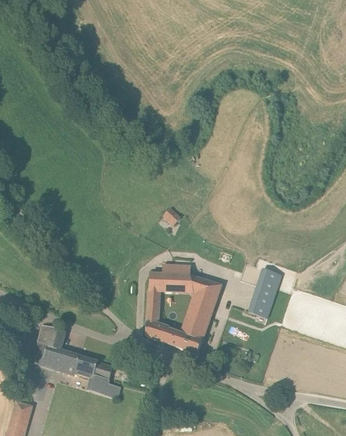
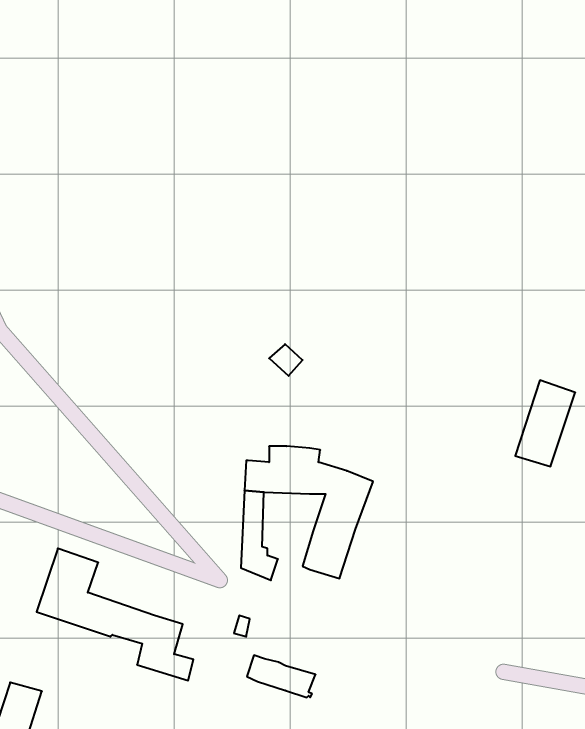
building: [247,267,281,316] -> [515,380,575,466]
building: [163,329,202,353] -> [247,655,316,697]

